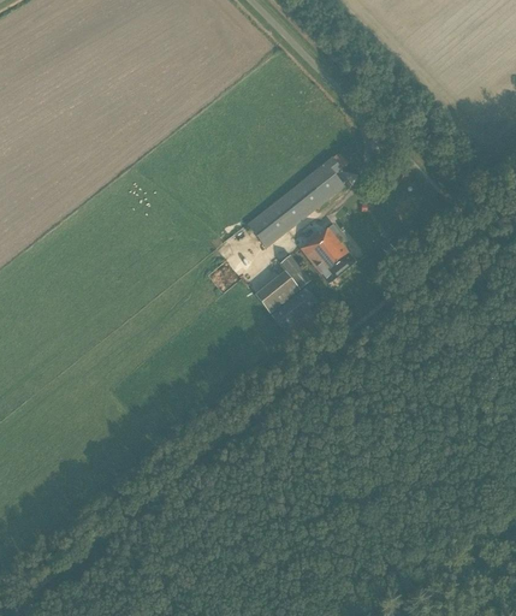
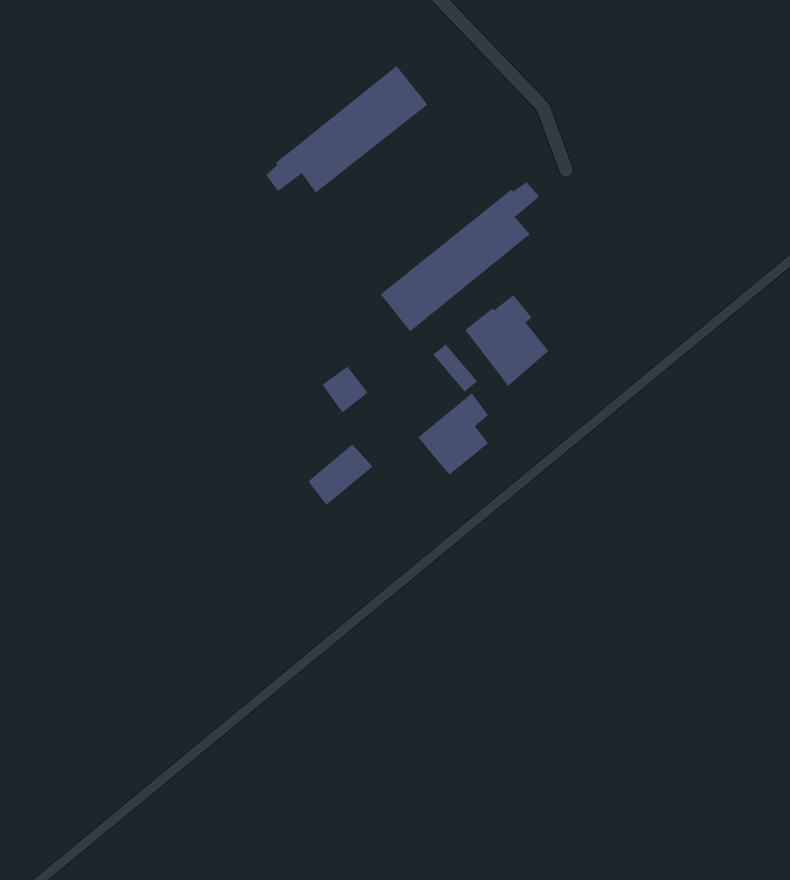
building: none -> [266,65,428,193]
building: [259,272,301,312] -> [307,444,373,506]

